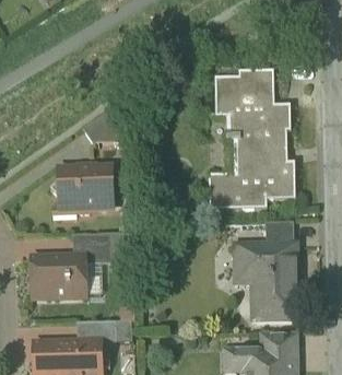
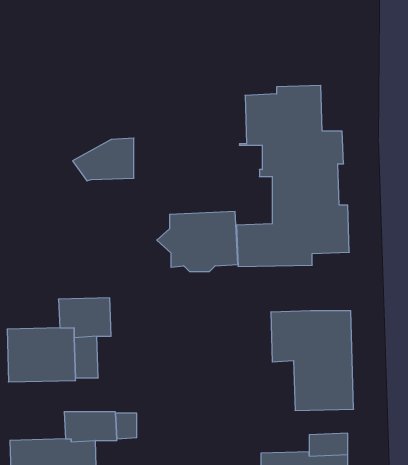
building: [50,165,113,211] -> [157,212,238,271]
building: [266,219,294,242] -> none

